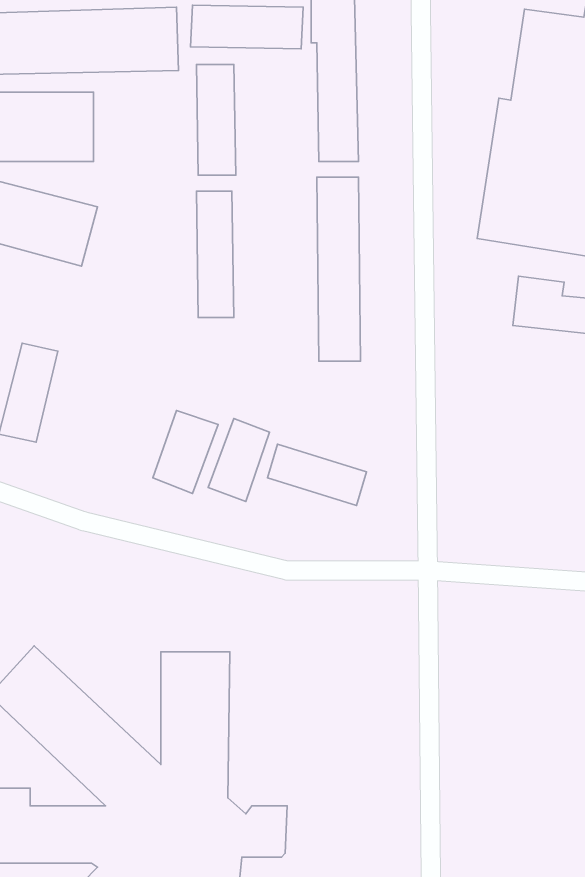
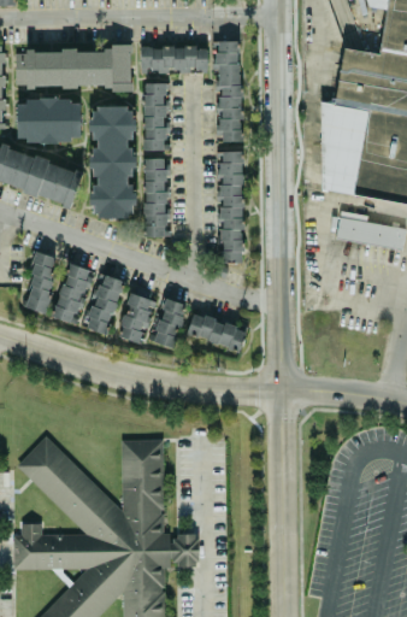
building: none -> [90,106,137,217]
building: none -> [53,263,92,323]
building: none -> [83,274,124,334]

